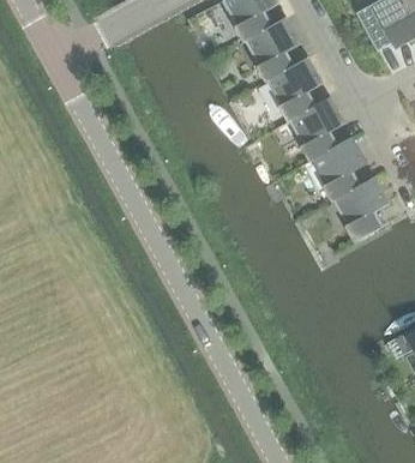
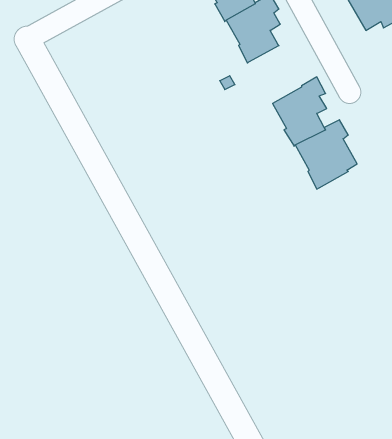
building: [267,55,319,121] -> none
building: [335,175,385,241] -> none

